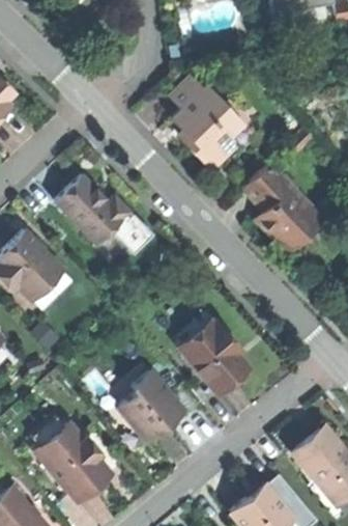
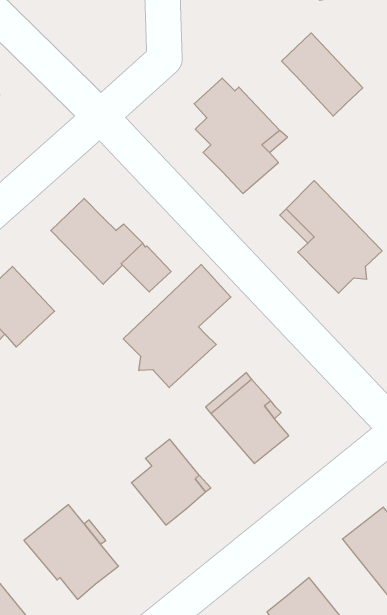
building: none -> [282,33,363,116]
building: none -> [123,265,231,388]

